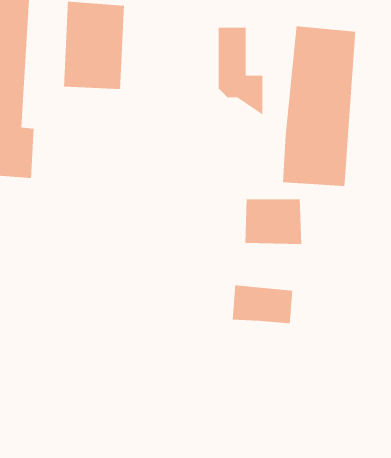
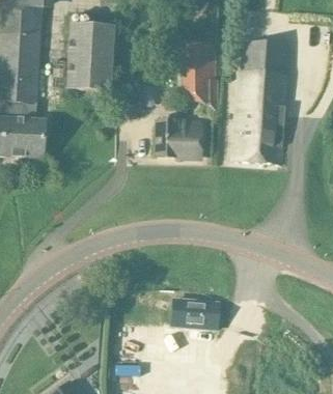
building: [245,198,302,245] -> [157,120,200,156]
building: [232,285,293,324] -> [171,298,218,328]

